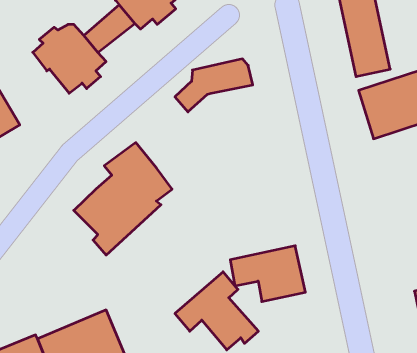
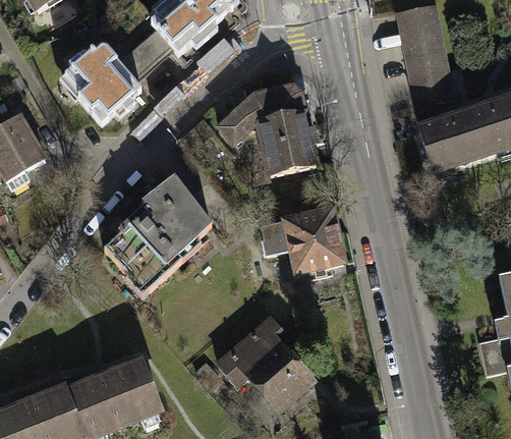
building: none -> [257,113,316,174]
building: [230,246,305,302] -> [259,211,341,272]

